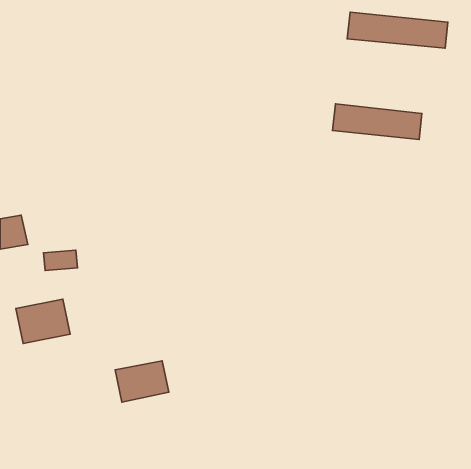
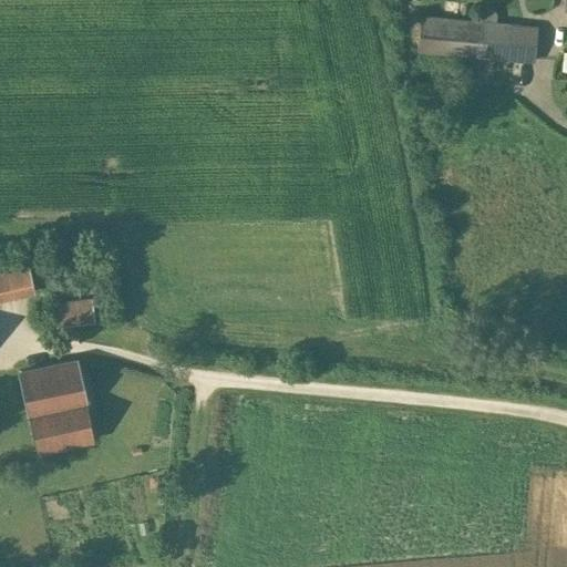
building: [333,104,422,140] -> none
building: [115,361,169,402] -> [29,404,93,454]

